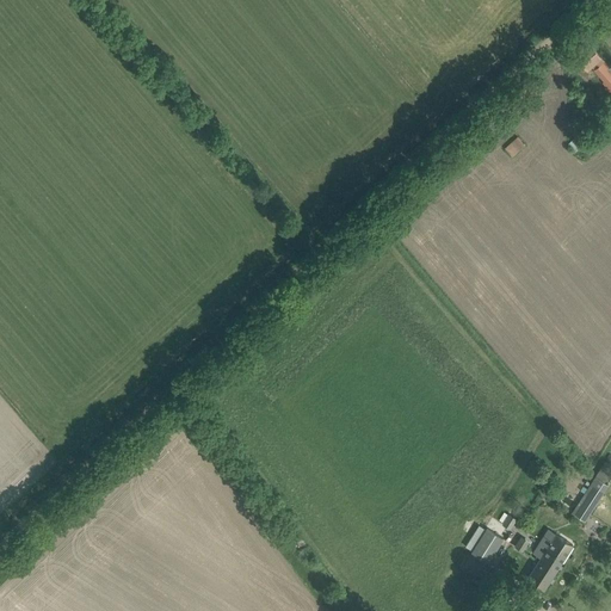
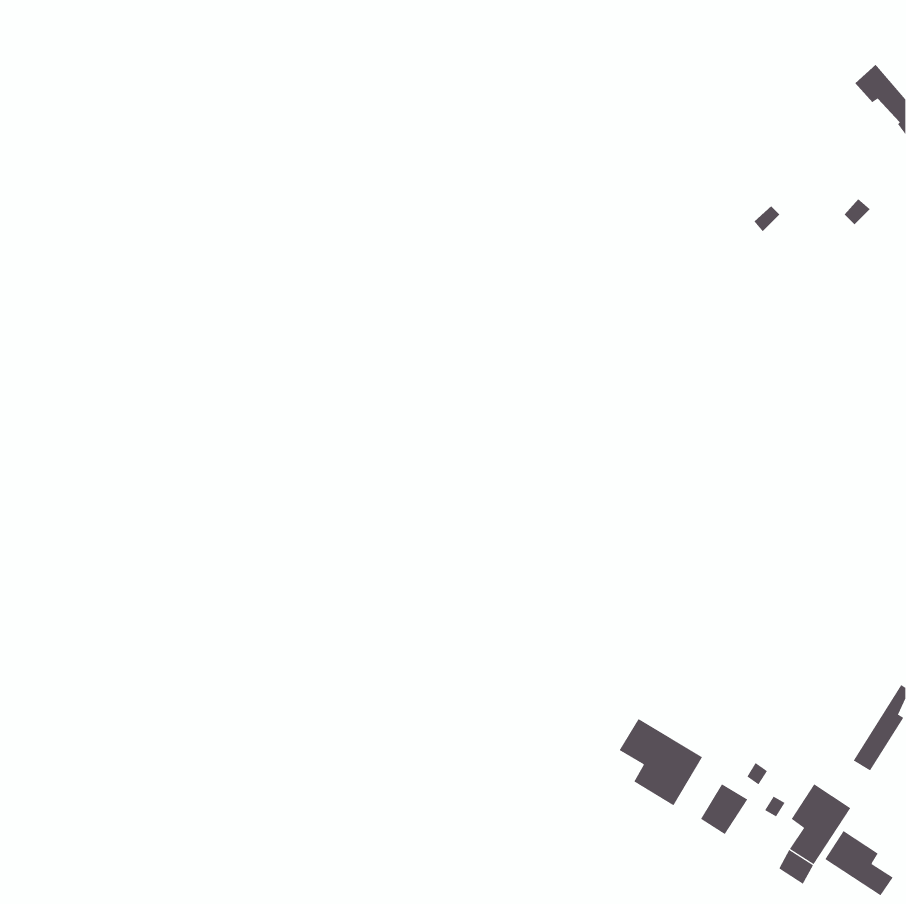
building: none -> [619,718,703,806]
building: none -> [825,830,893,896]

